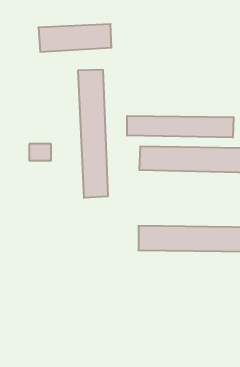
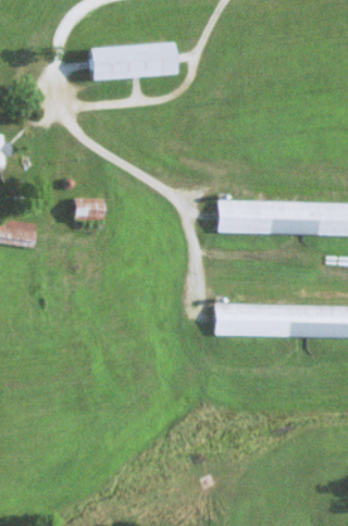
building: [78,70,108,198] -> none
building: [127,116,233,138] -> none

